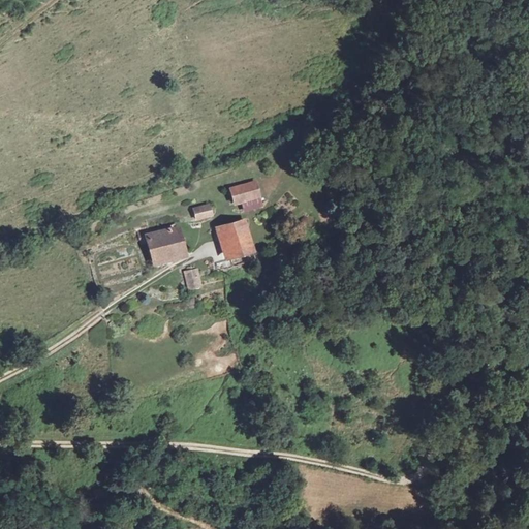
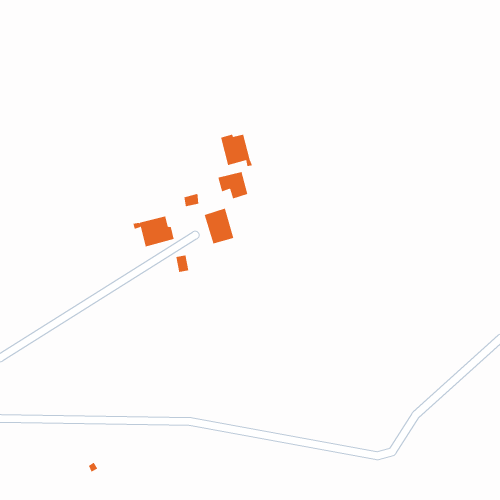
building: none -> [220,134,253,167]

